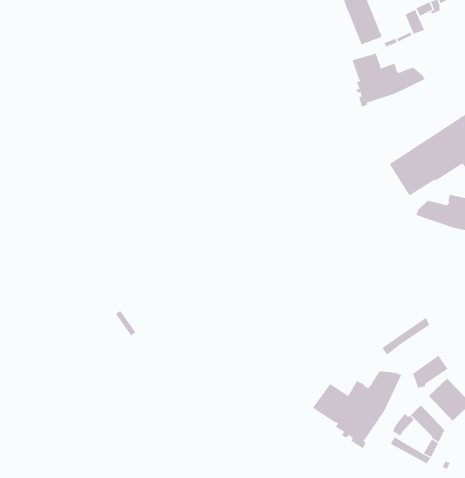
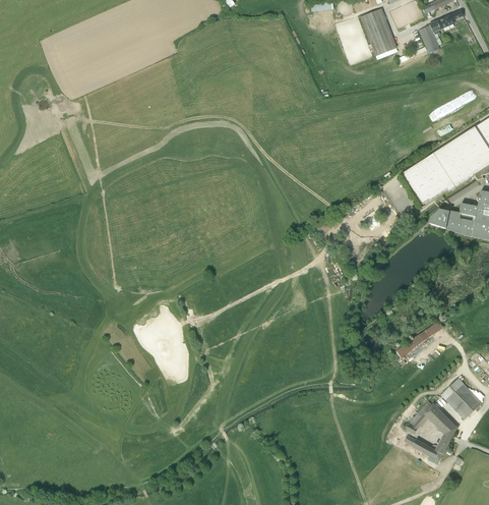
building: [352,53,425,107] -> none
building: [412,355,448,389] -> none
building: [312,371,402,449] -> none

